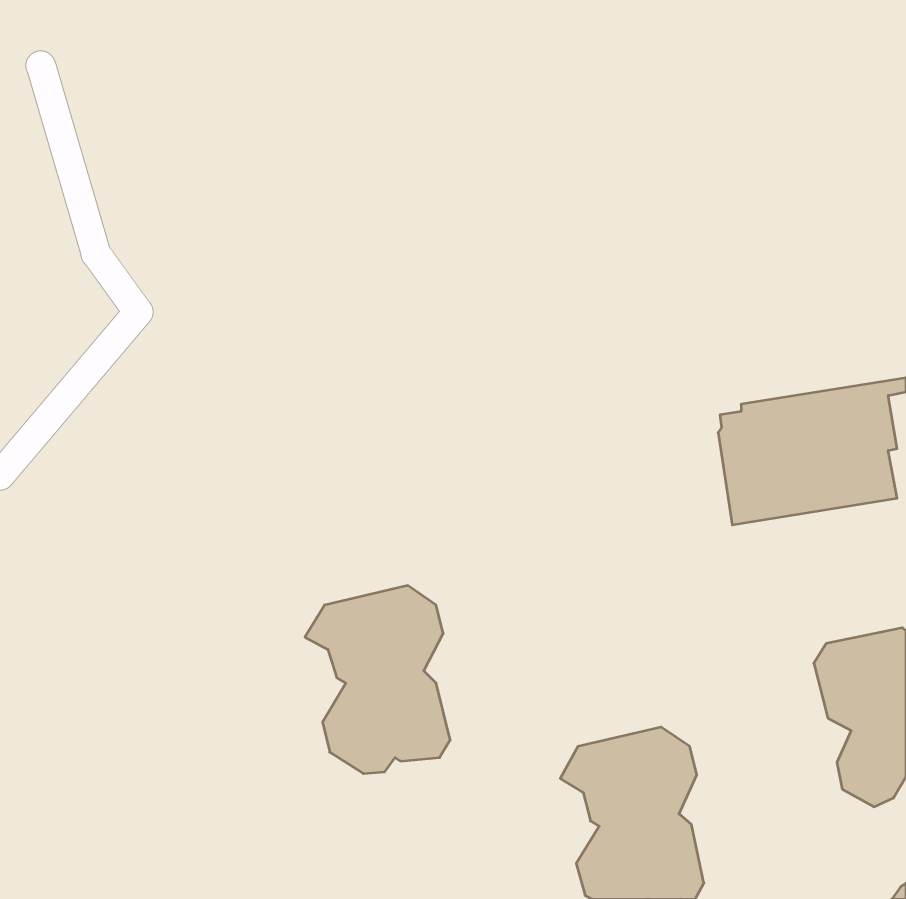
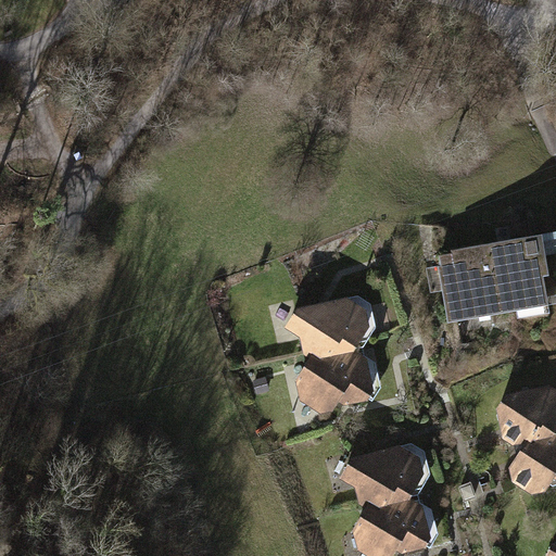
building: [305,586,450,774] -> [286,296,375,412]

